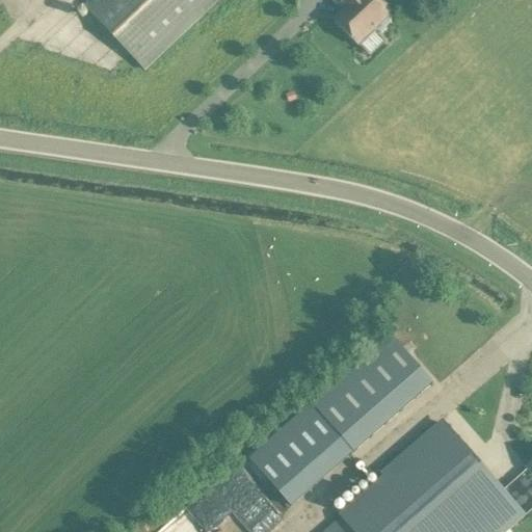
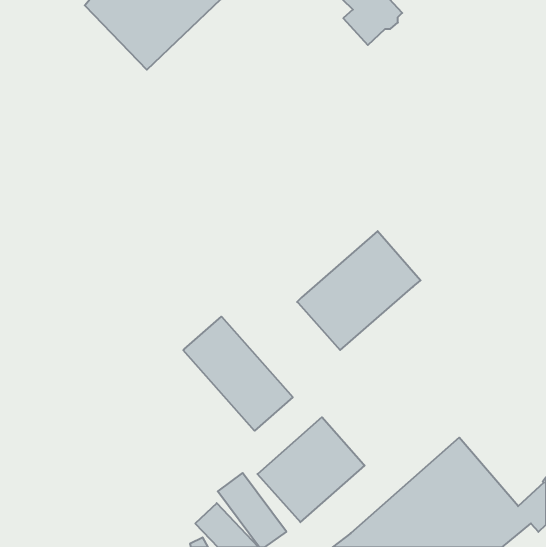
building: none -> [183,317,293,431]
building: [311,335,430,450] -> [297,231,421,350]

